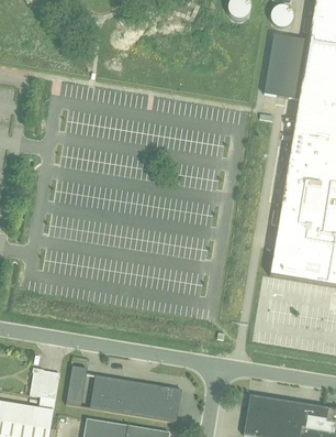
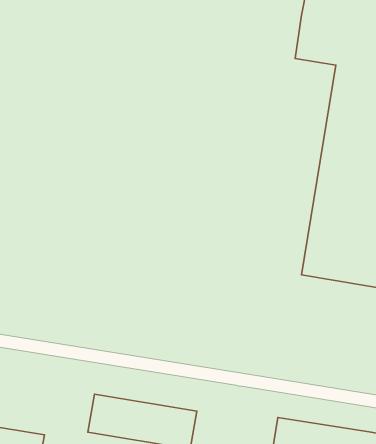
building: [67,364,88,405] -> none
building: [31,368,60,397] -> none

